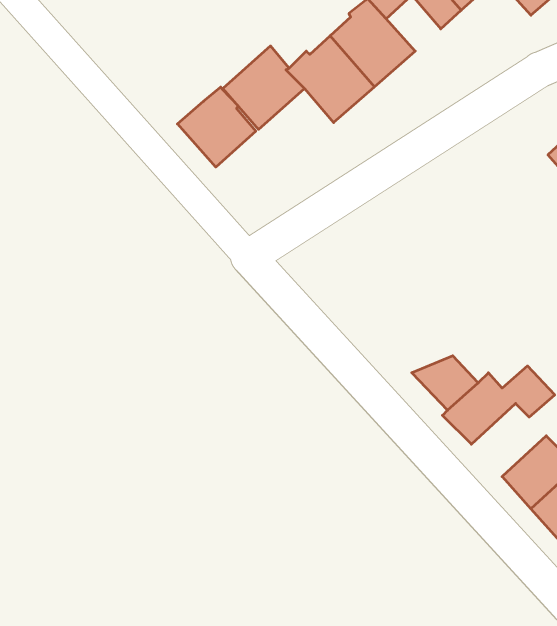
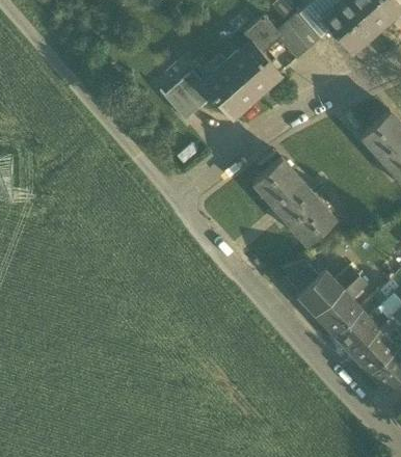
building: [177,87,256,167] -> none
building: none -> [251,158,335,245]
building: none -> [314,289,359,333]

